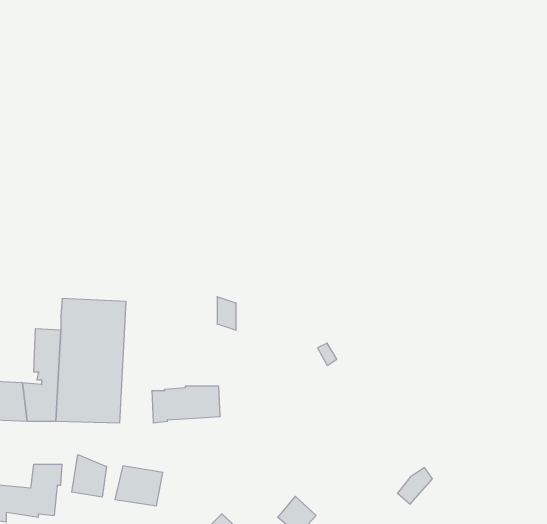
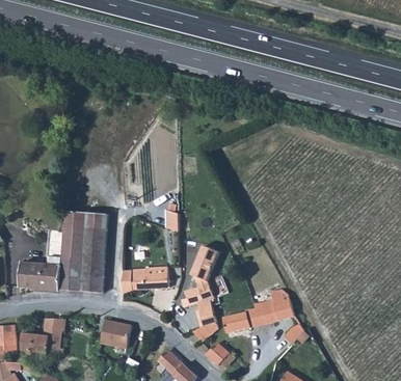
building: none -> [180,246,218,342]
building: none -> [221,289,296,332]
building: [72,455,107,497] -> none

